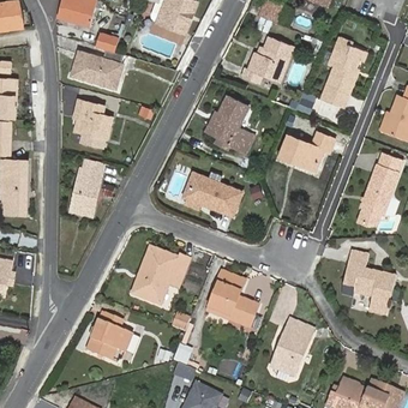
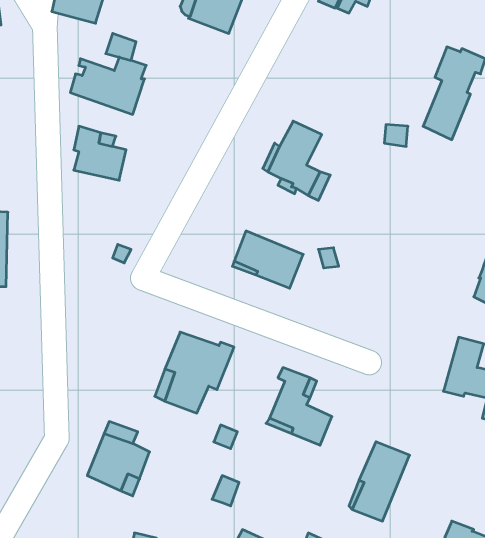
building: [241,35,292,79] -> none
building: [278,130,335,169] -> none
building: [68,154,102,214] -> none

